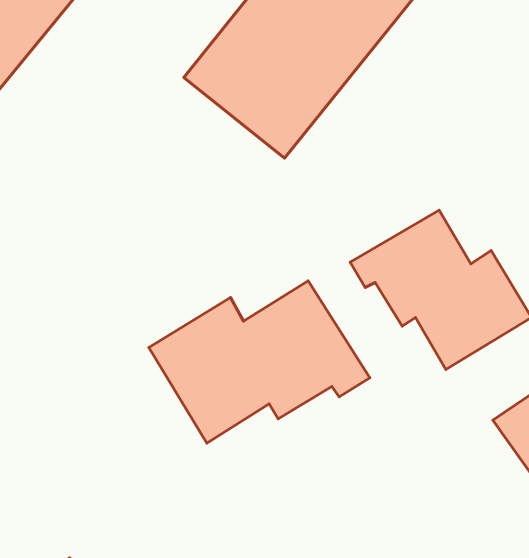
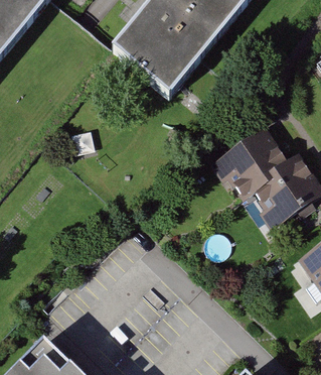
building: [149,281,370,443] -> none

